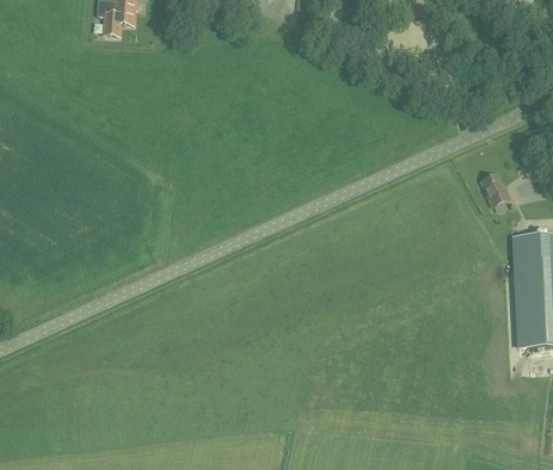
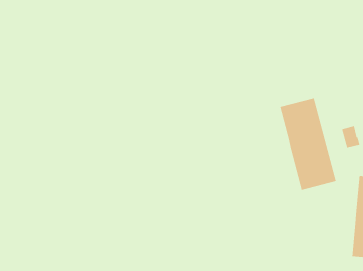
building: none -> [280,97,337,191]

